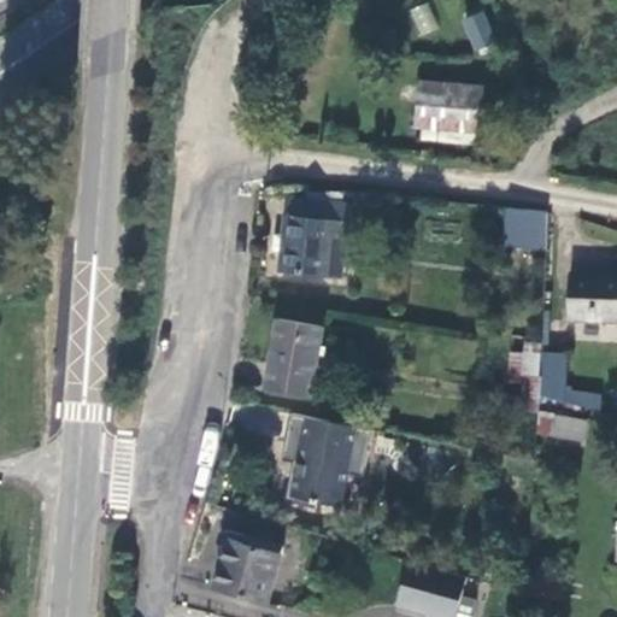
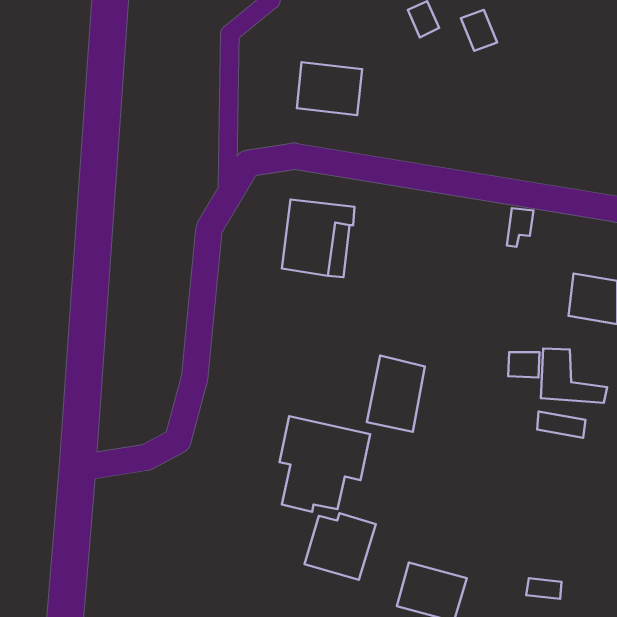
building: [415,84,480,137] -> [297,62,362,115]
building: [265,322,323,398] -> [367,355,425,432]
building: [212,536,283,603] -> [304,513,376,580]

